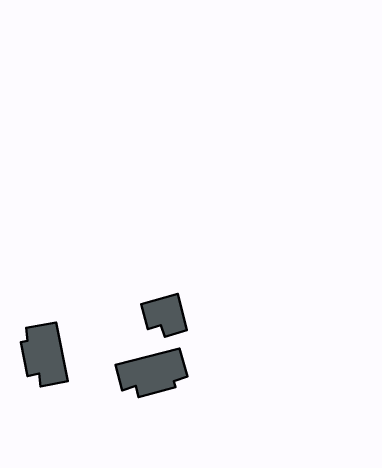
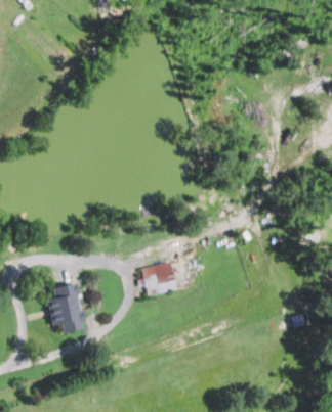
building: [115,348,188,397] -> none

